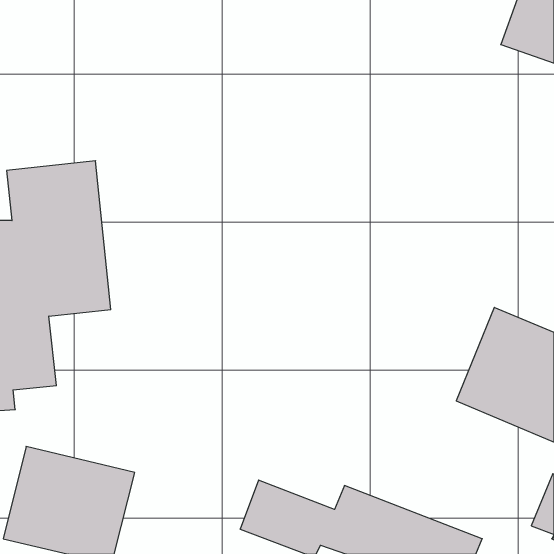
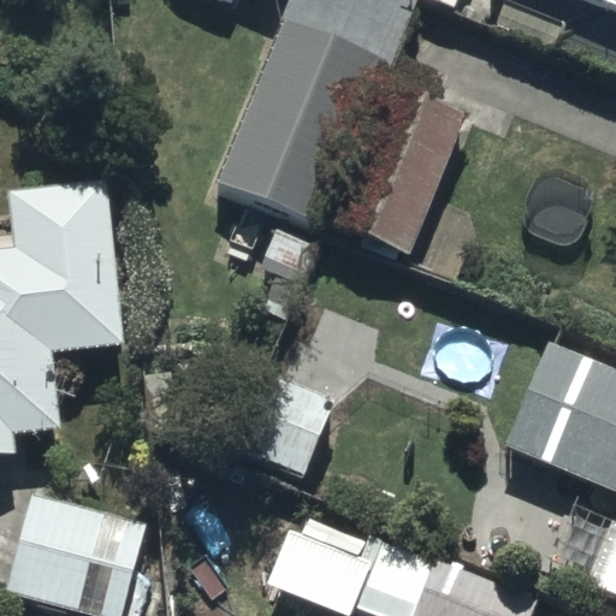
building: none -> [218,18,384,223]
building: none -> [328,82,467,255]

